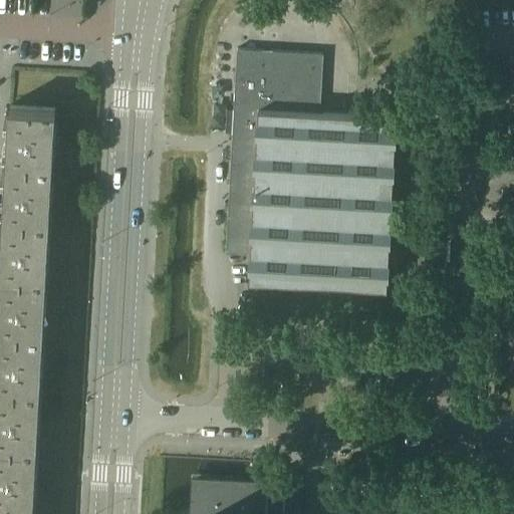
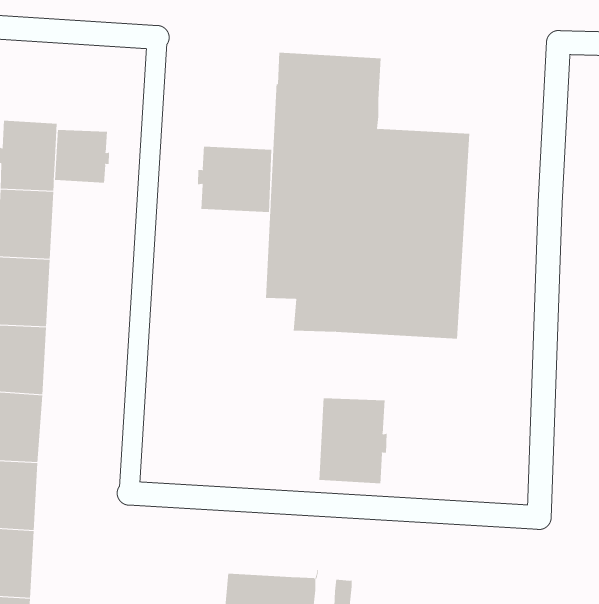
building: none -> [55,129,110,184]
building: none -> [197,146,272,213]
building: none -> [319,397,387,484]

